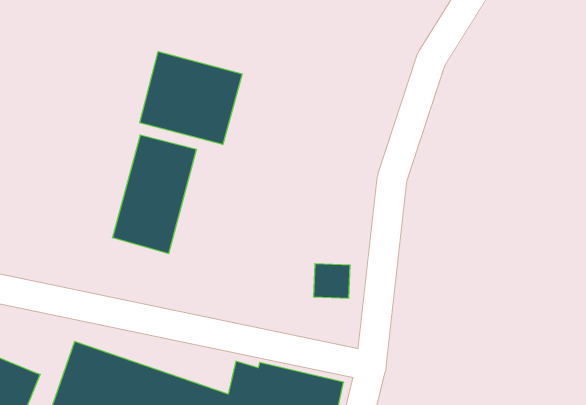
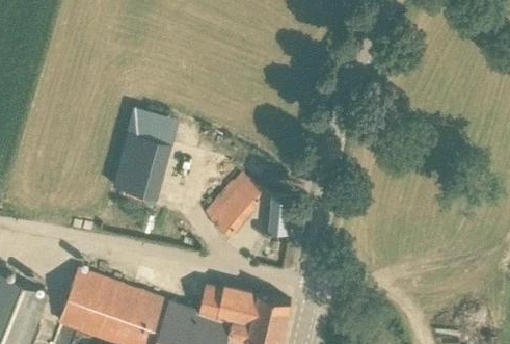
building: [140,52,242,145] -> none
building: none -> [203,175,262,238]

